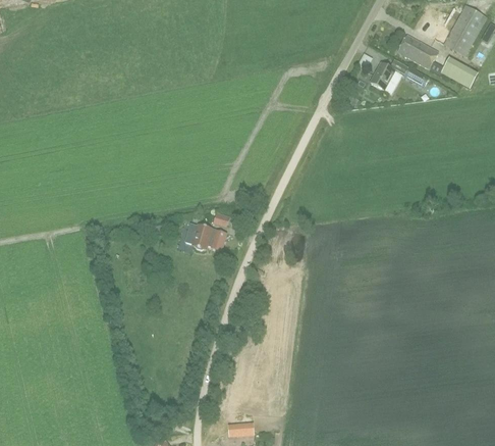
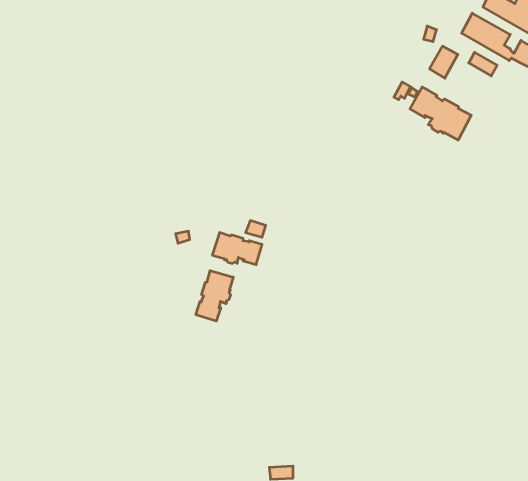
building: none -> [410,87,471,140]
building: none -> [196,271,233,321]

